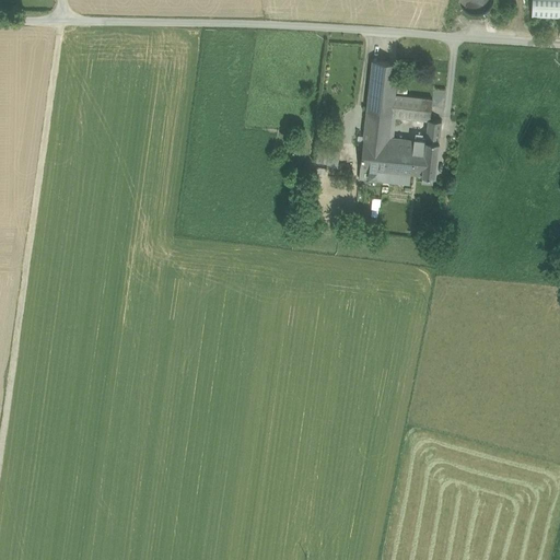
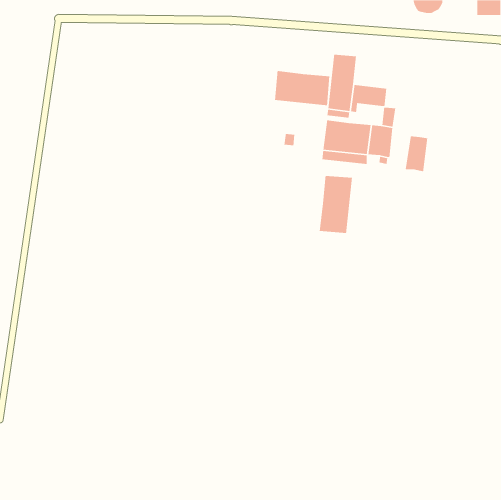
building: none -> [274,70,330,106]
building: none -> [405,136,428,172]
building: none -> [319,175,353,234]

